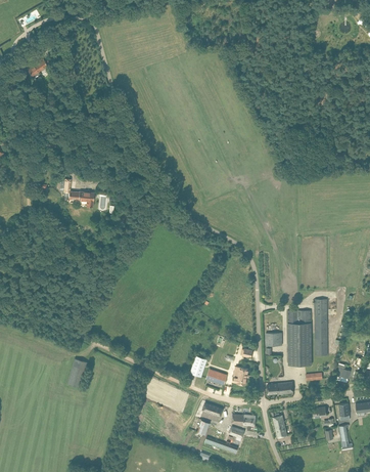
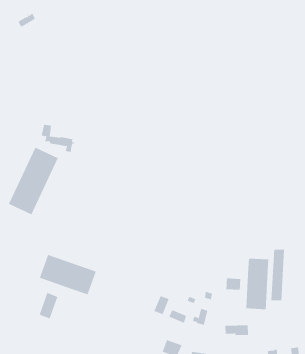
building: none -> [8,147,59,215]
building: none -> [39,254,96,295]

